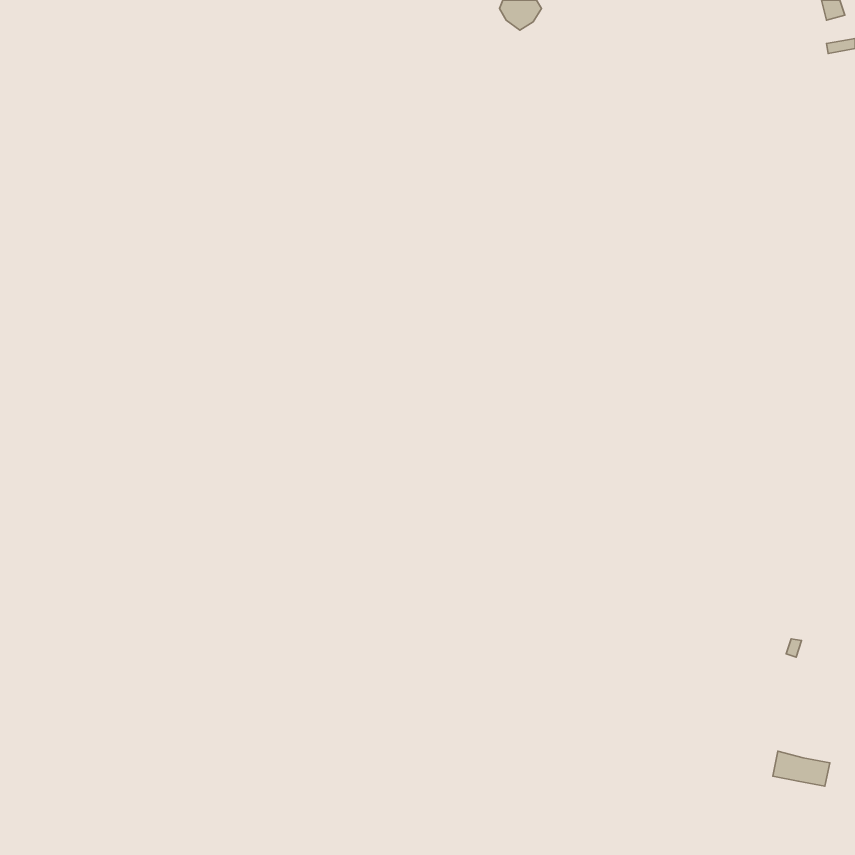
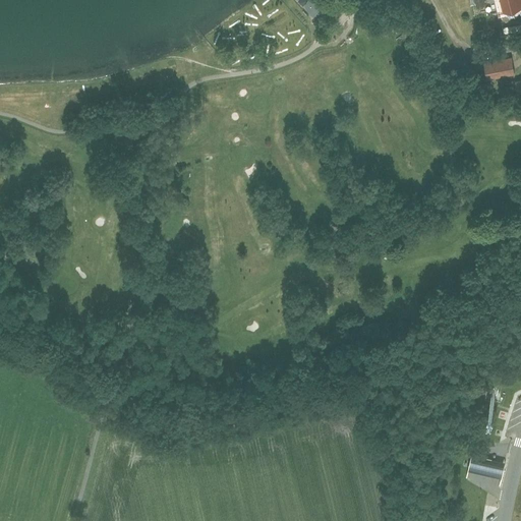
building: none -> [483,59,513,79]

